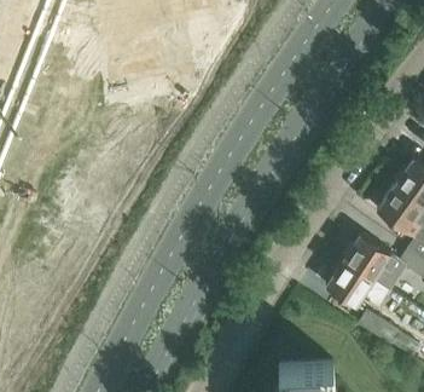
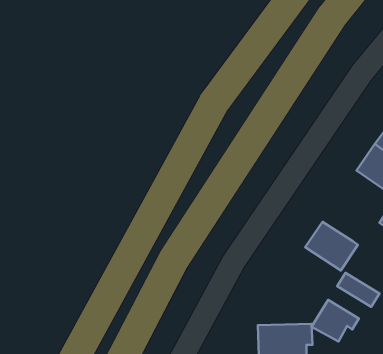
building: [343,232,396,278] -> none
building: none -> [312,300,359,342]

